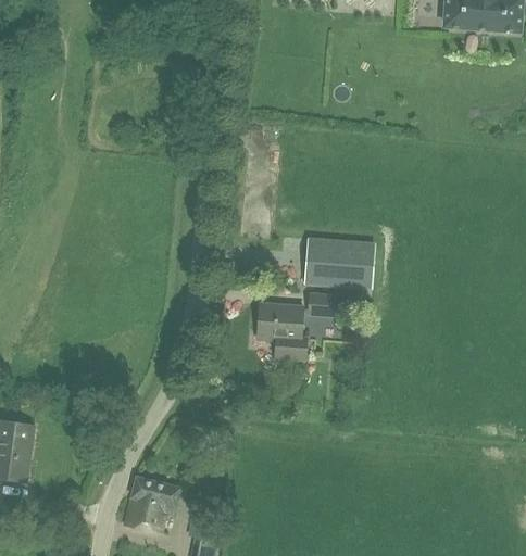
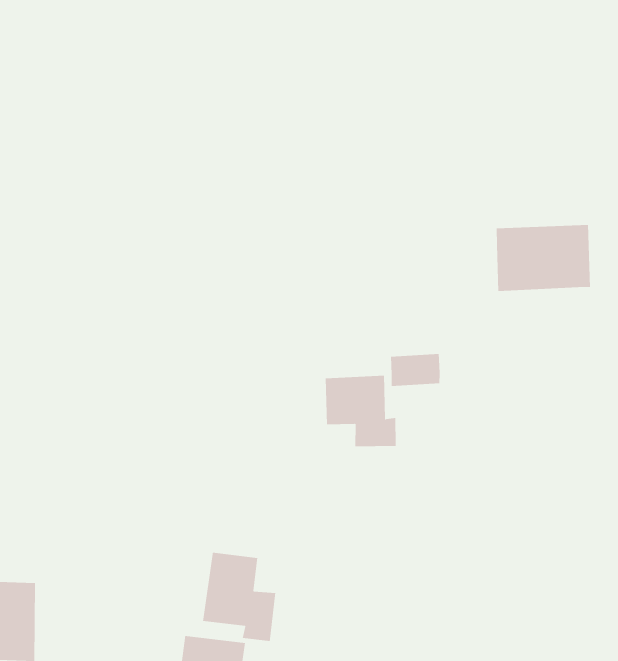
building: [302,238,374,289] -> [496,224,591,291]
building: none -> [202,552,276,642]

